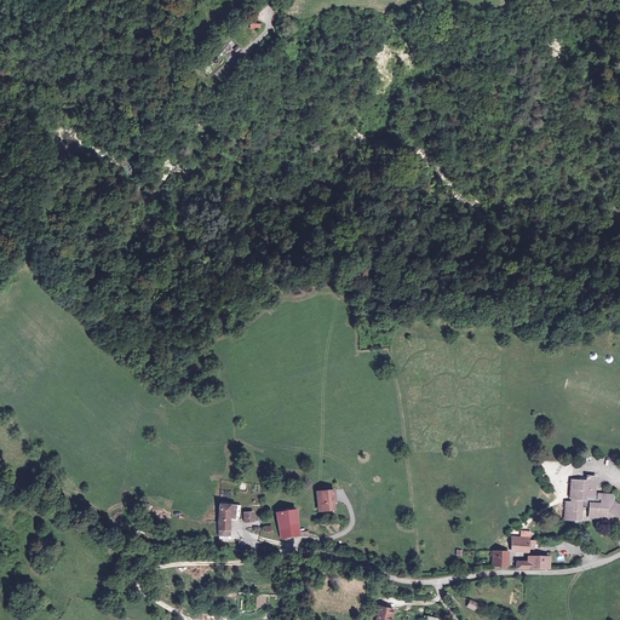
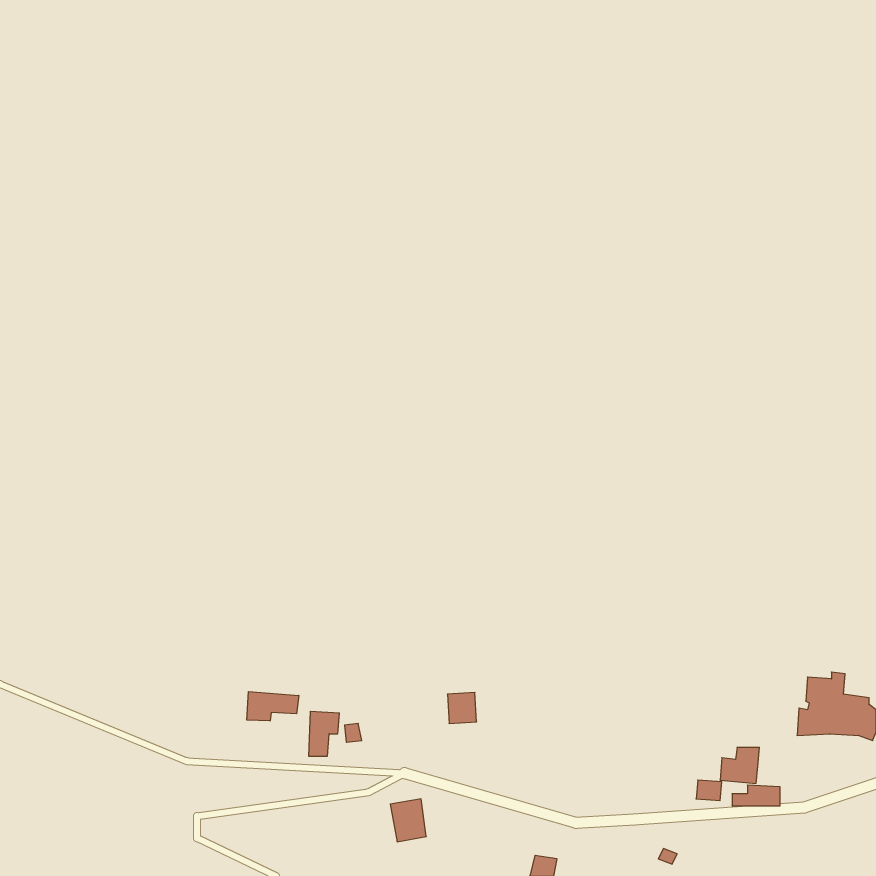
building: none -> [247,692,299,721]
building: [275,509,300,539] -> [390,799,426,842]

